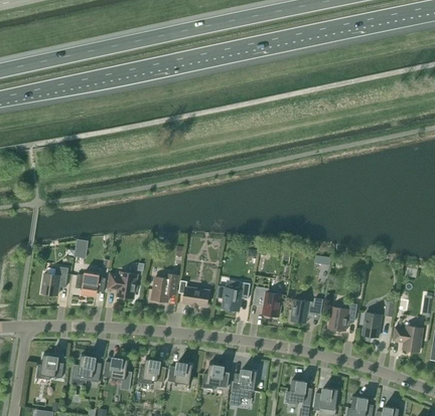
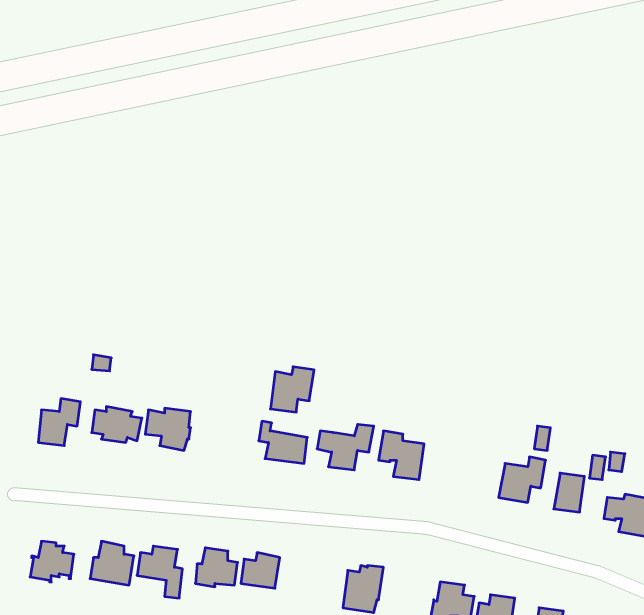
building: [151,273,178,301] -> [270,367,314,412]
building: [290,298,322,323] -> none
building: [202,364,229,388] -> none

